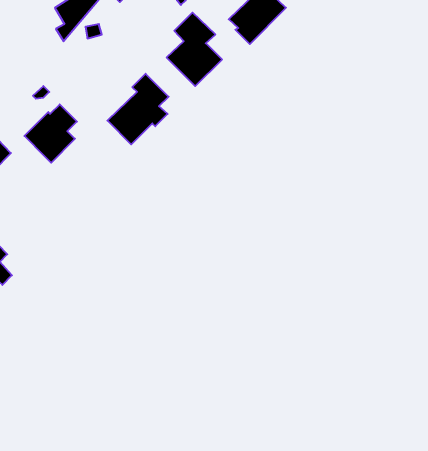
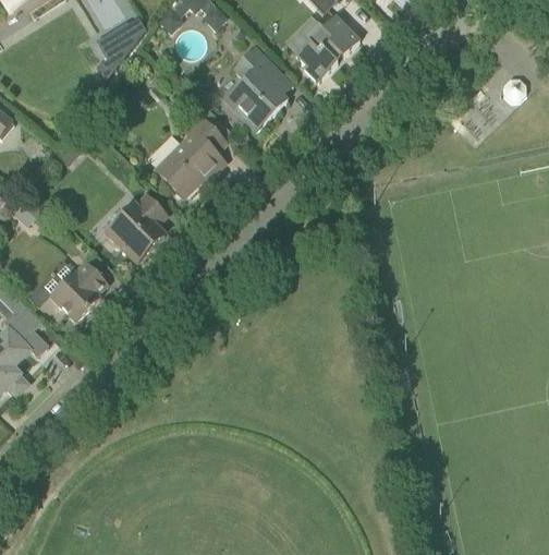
building: [24,104,77,163] -> [106,194,166,261]
building: none -> [49,261,108,322]

